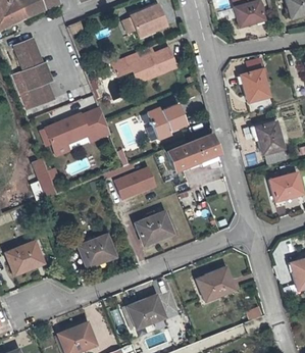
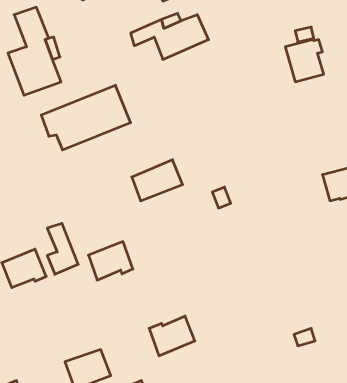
building: [148,104,186,139] -> none
building: [254,120,286,156] -> none
building: [163,134,219,174] -> none
building: [31,158,56,200] -> [47,223,78,274]
building: [133,211,173,247] -> none
building: [197,268,234,300] -> none

